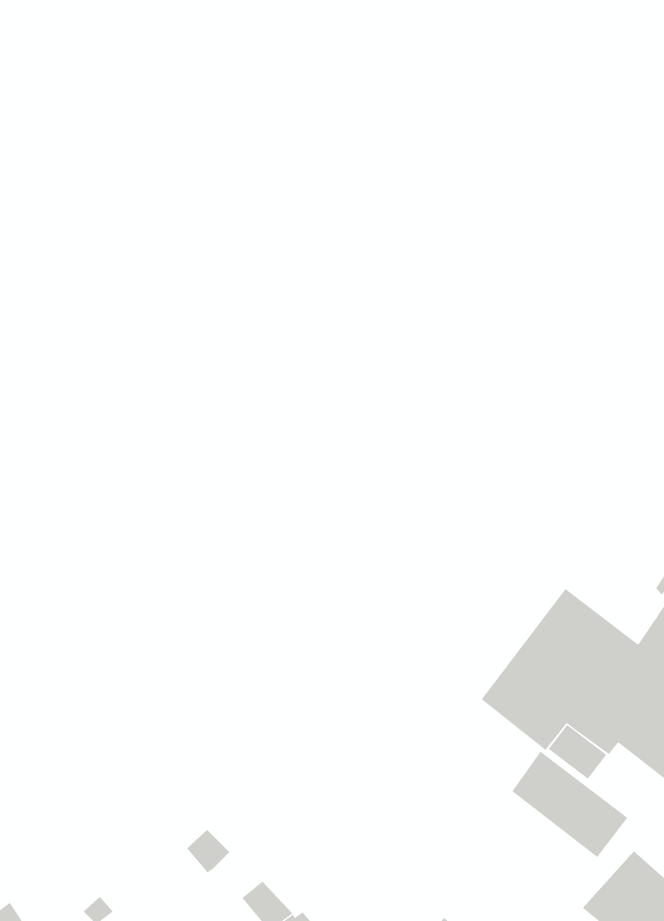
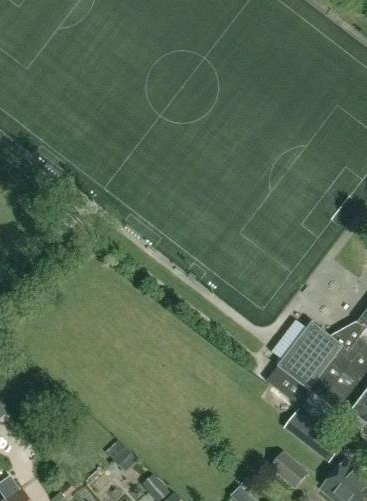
building: none -> [269,450,308,488]

